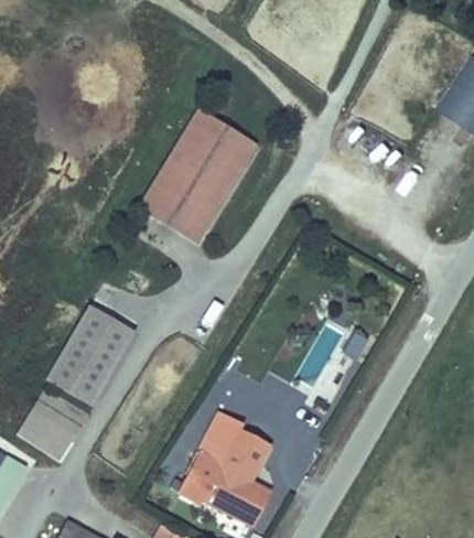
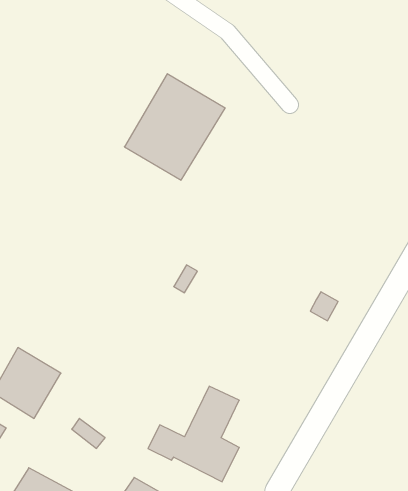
building: [139,183,212,240] -> none
building: [46,305,136,406] -> none
building: [190,410,244,481] -> none

